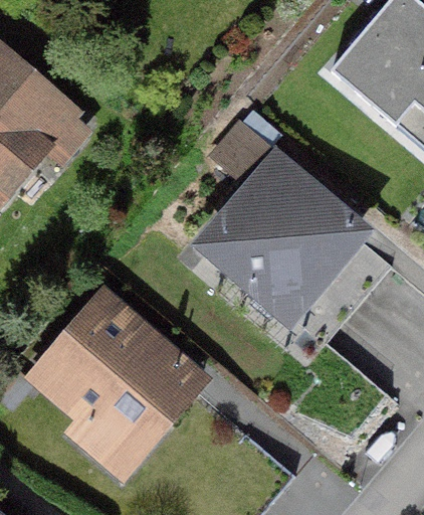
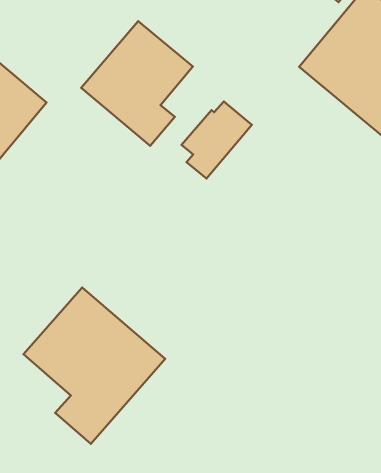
building: none -> [81,21,193,146]
building: [212,168,353,309] -> none

